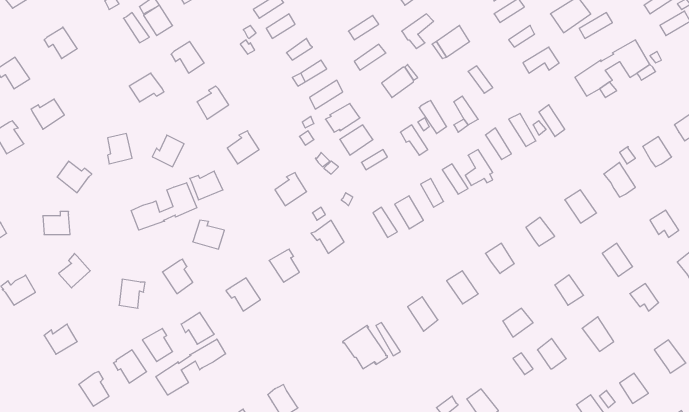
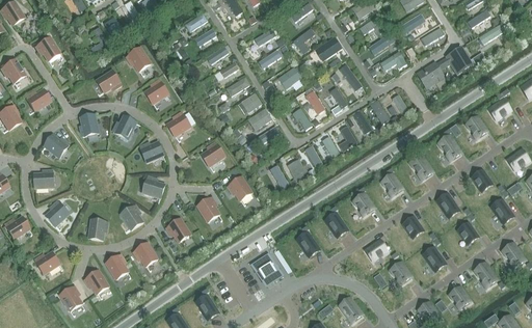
building: [131,183,197,230] -> none
building: [156,339,226,395] -> none

